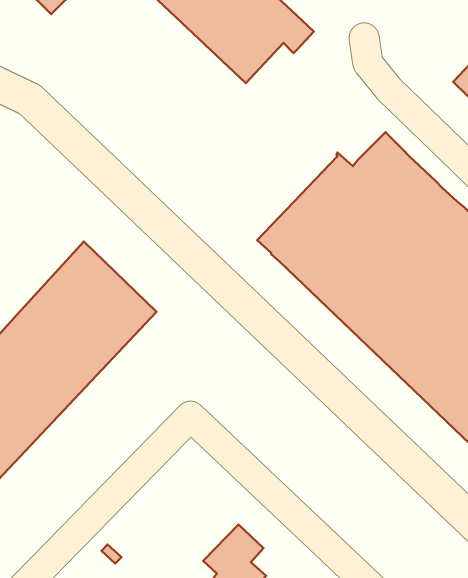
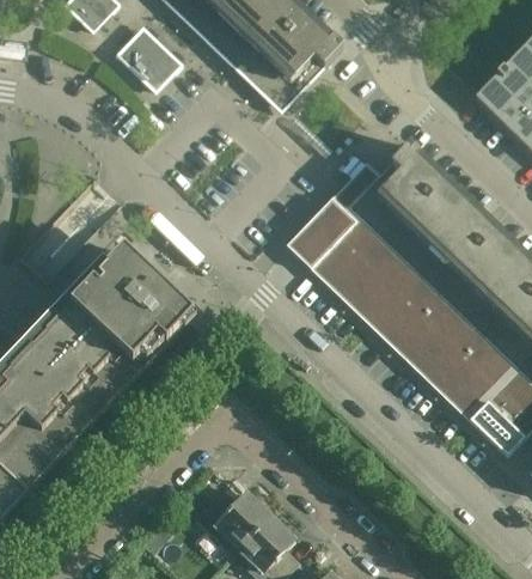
building: none -> [118,28,179,89]
building: none -> [194,490,270,550]

